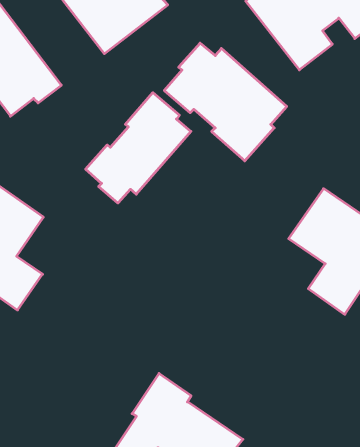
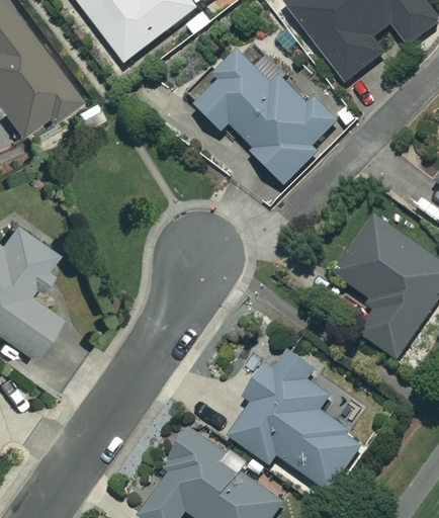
building: [86,93,191,203] -> none
building: none -> [230,349,363,491]

